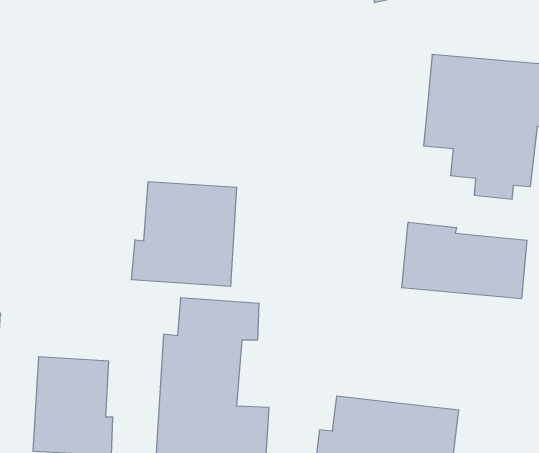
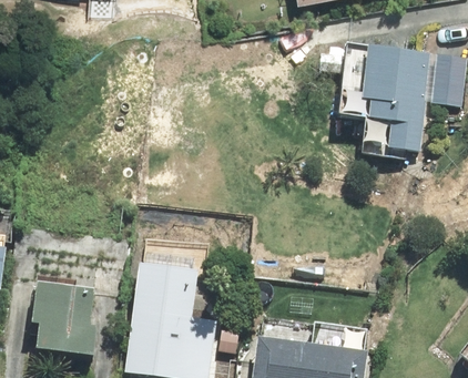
building: [132,182,237,286] -> none
building: [402,222,527,299] -> none

